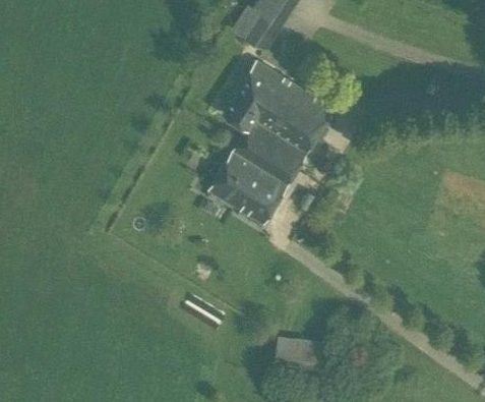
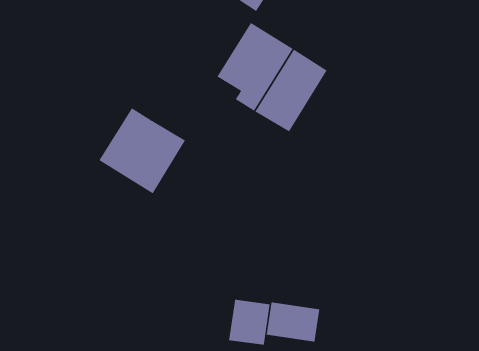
building: [209,135,296,221] -> [99,108,186,194]
building: none -> [229,299,270,346]

